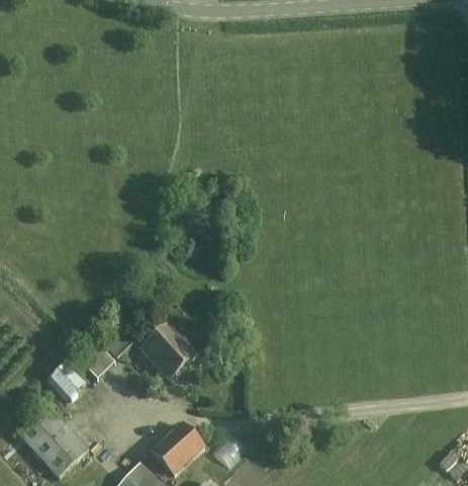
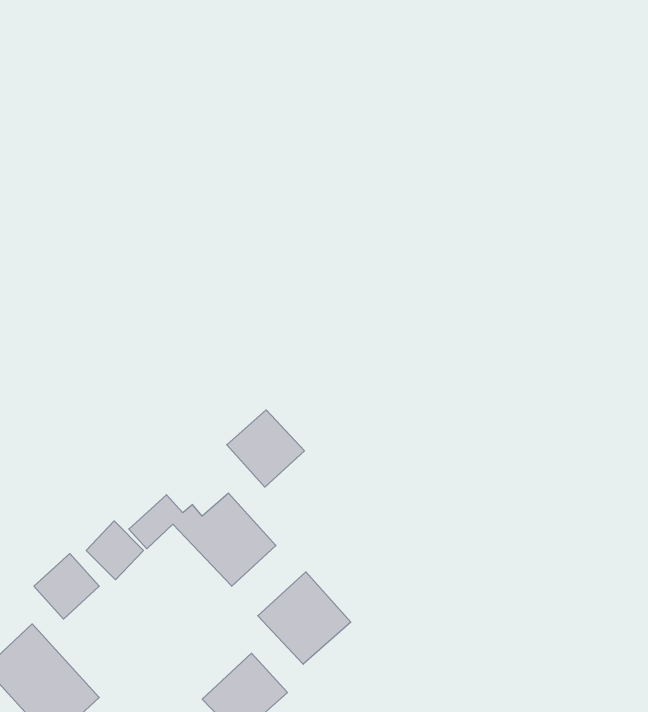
building: none -> [227,410,304,487]
building: none -> [258,572,351,664]

